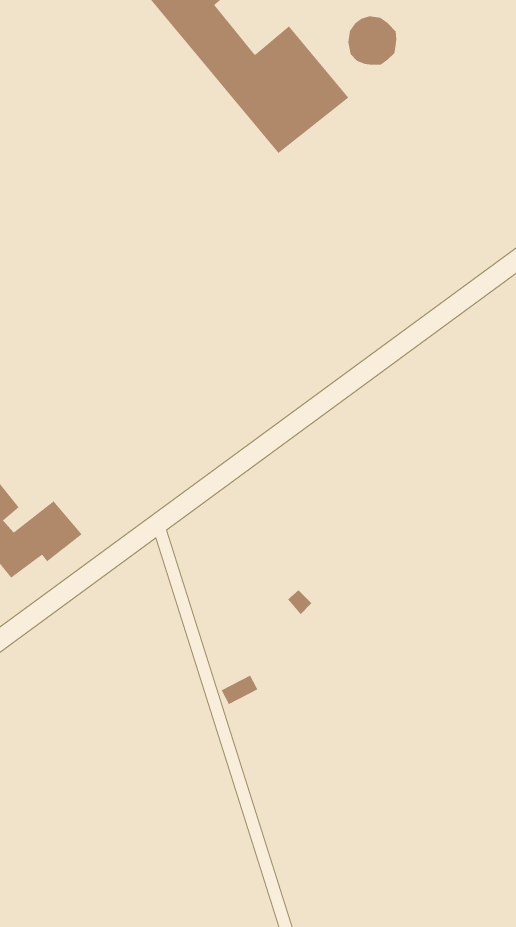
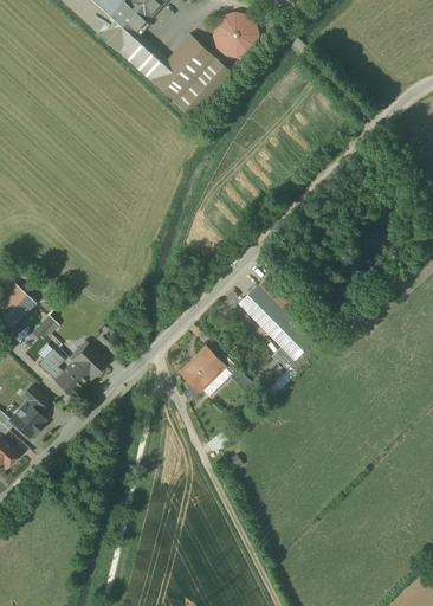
building: none -> [238,278,315,370]
building: none -> [179,346,228,395]

